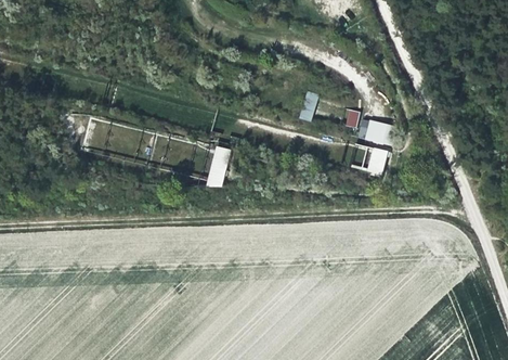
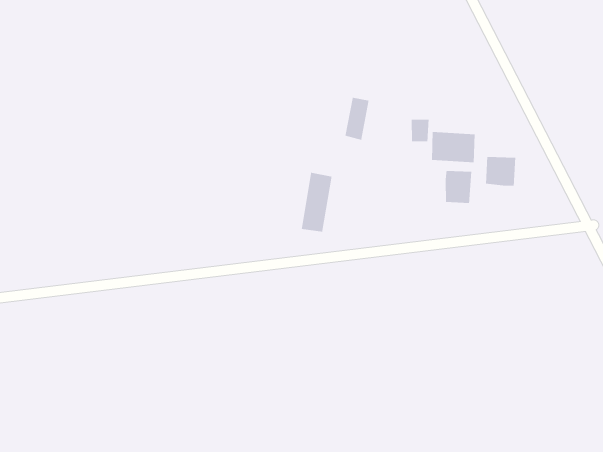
building: none -> [485,156,516,187]
building: [206,145,231,189] -> [301,172,332,232]

